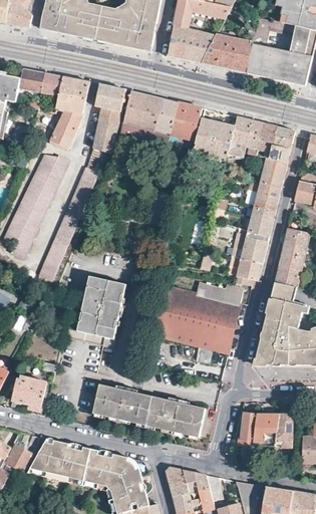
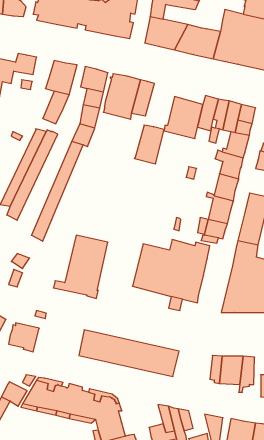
building: [40,71,64,95] -> none
building: [168,101,202,146] -> [134,125,164,164]
building: [166,466,189,495] -> none

